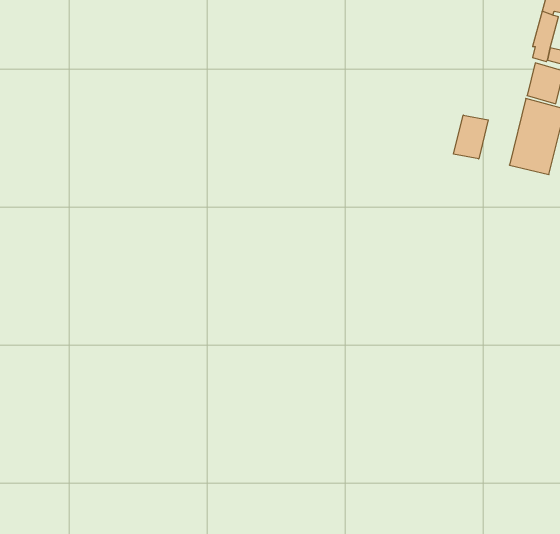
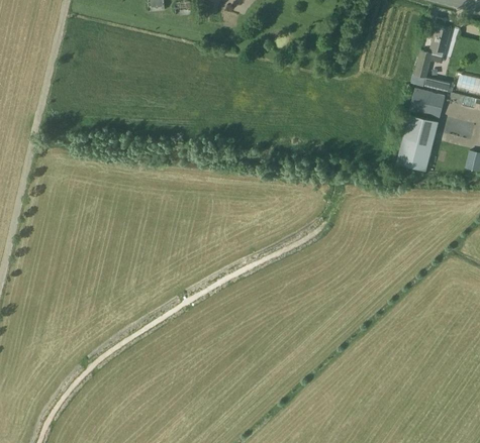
building: [454,115,488,159] -> none

